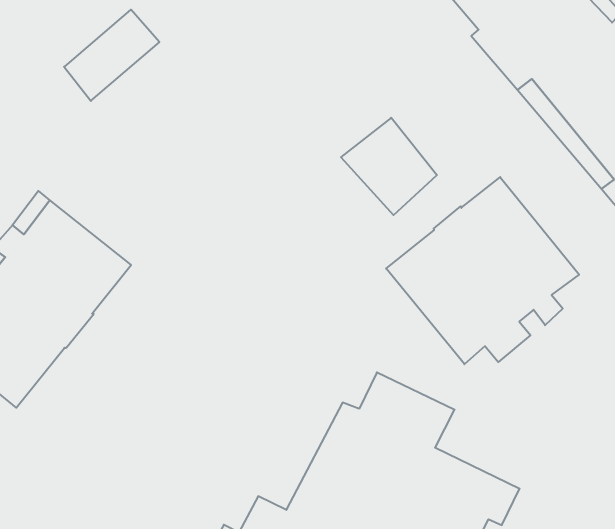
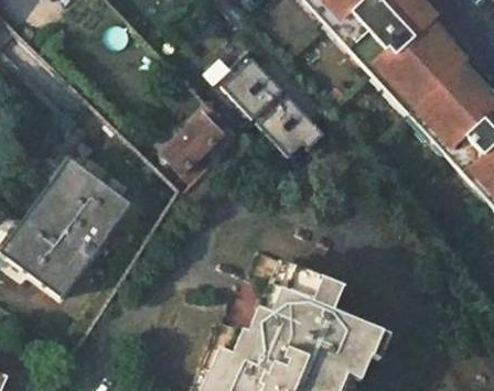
building: [64,10,159,101] -> [163,115,224,175]
building: none -> [218,54,282,119]
building: [386,177,579,364] -> none

